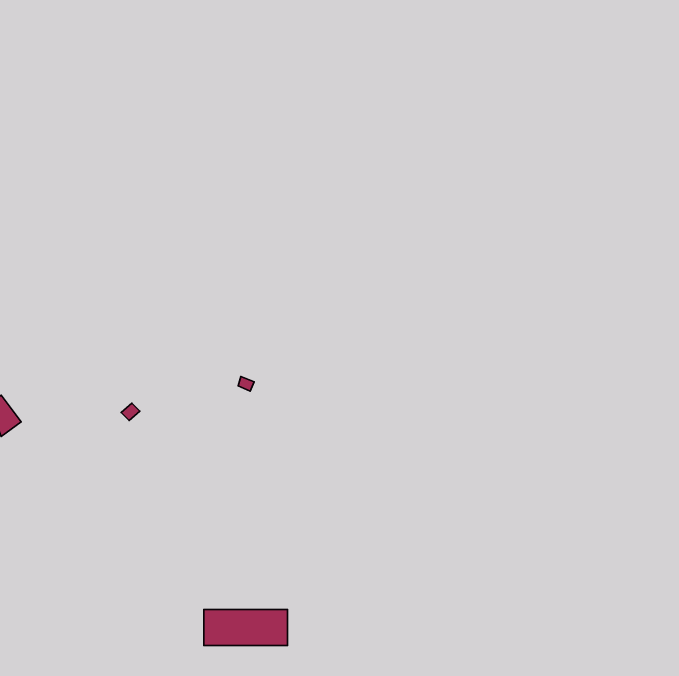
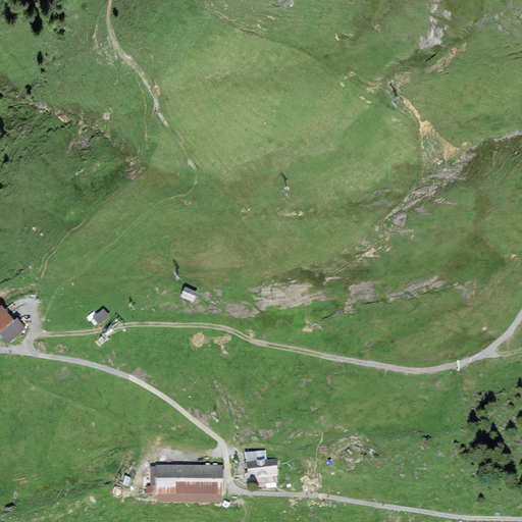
building: none -> [245,451,275,481]

